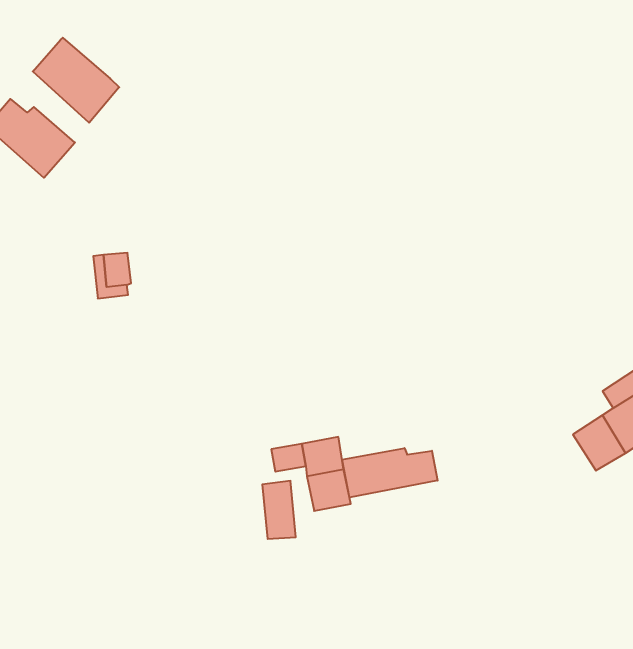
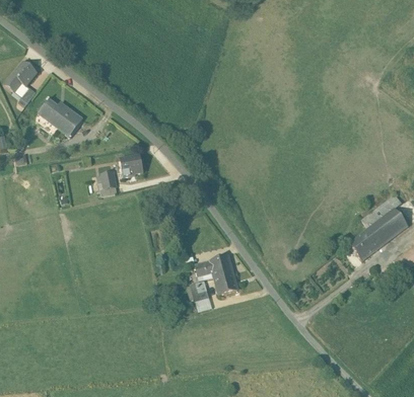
building: [33,38,119,123] -> none
building: none -> [120,154,142,176]
building: [342,448,438,497] -> none

